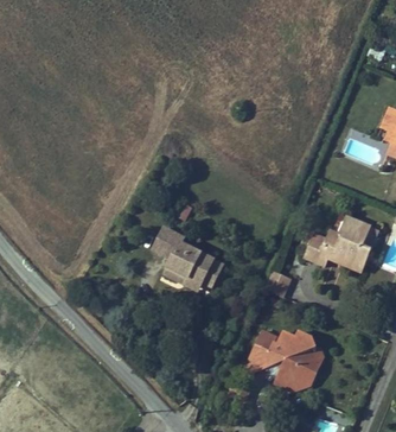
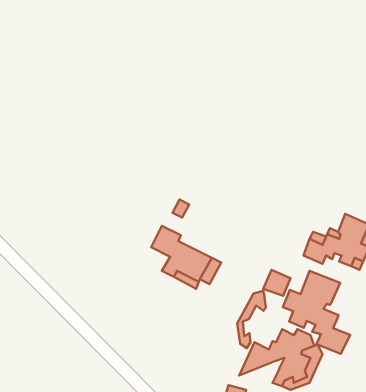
building: none -> [283,271,350,354]
building: none -> [237,291,266,348]

